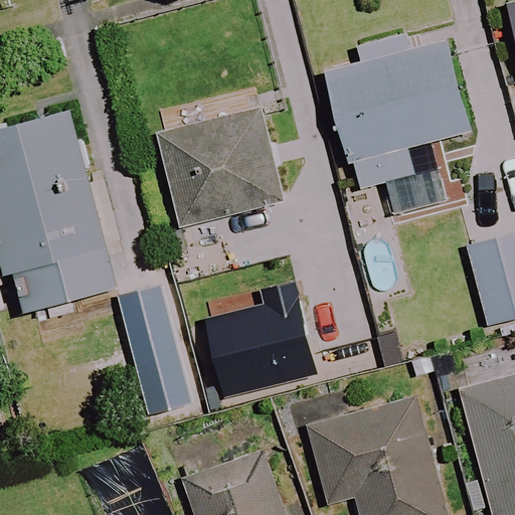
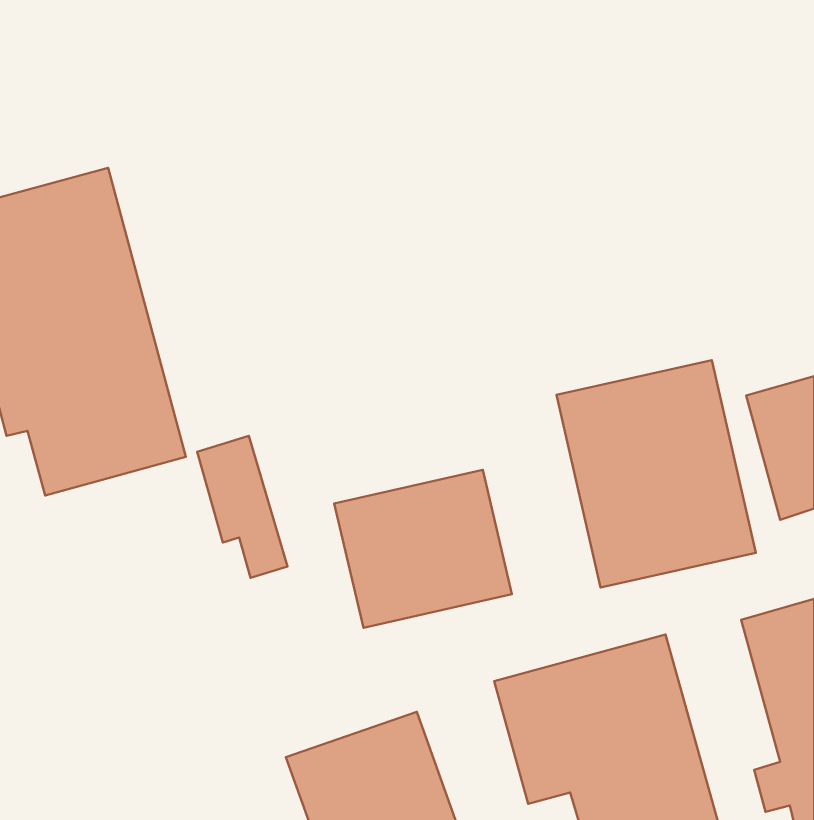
building: [323,40,470,214] -> none
building: [162,109,280,223] -> none
building: none -> [557,360,756,587]

